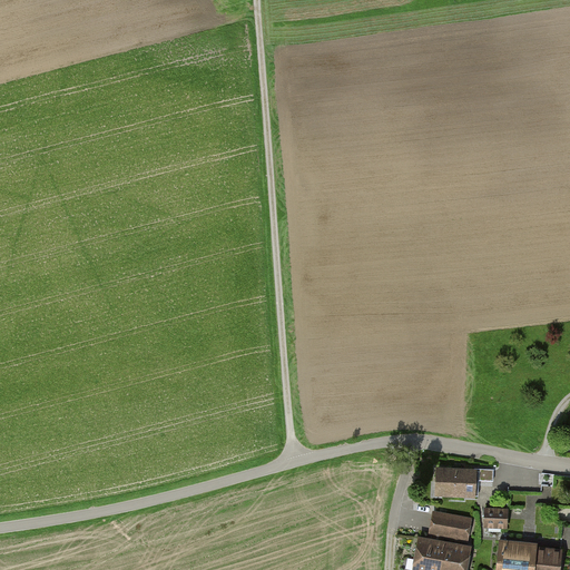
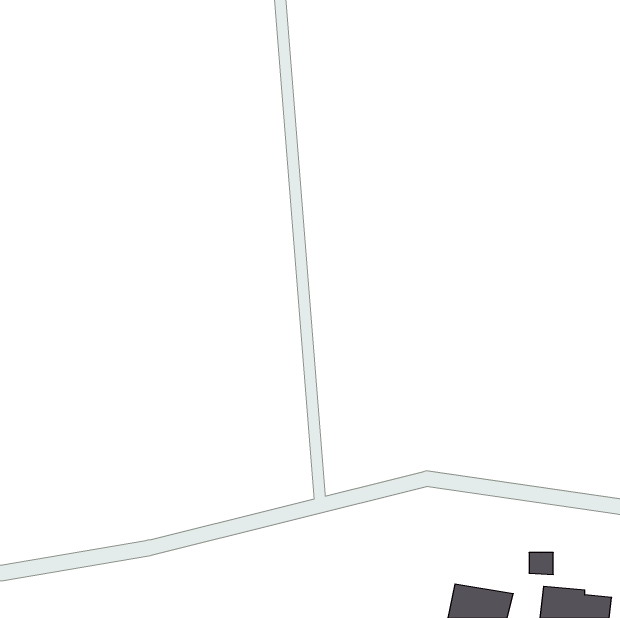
building: [435,468,476,497] -> none
building: [429,511,472,542] -> none

